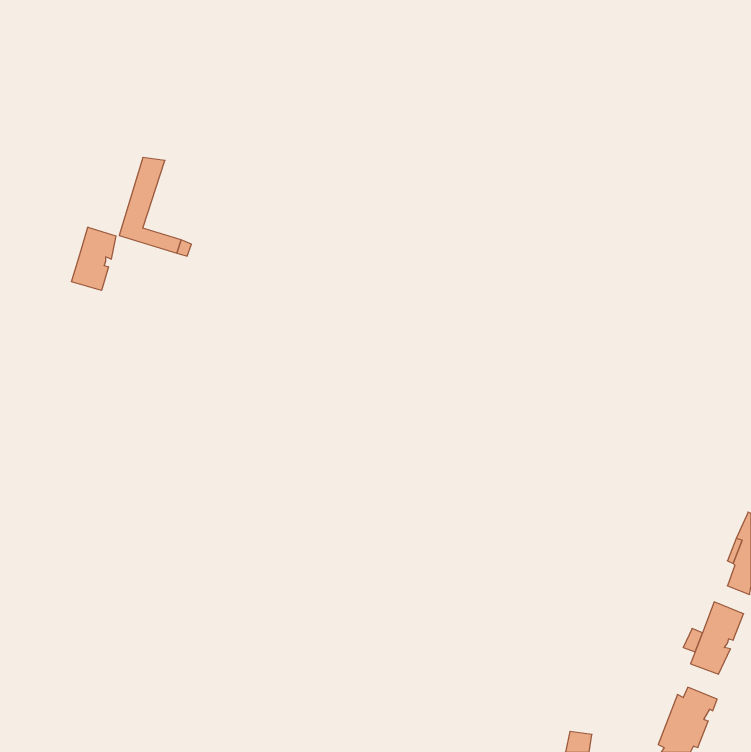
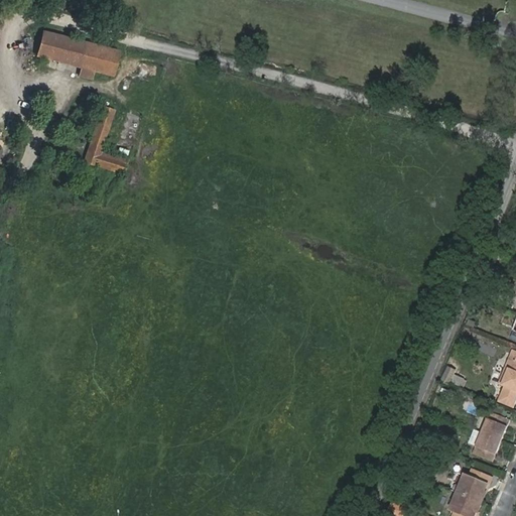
building: none -> [36,30,120,75]
building: [71,227,116,290] -> none

